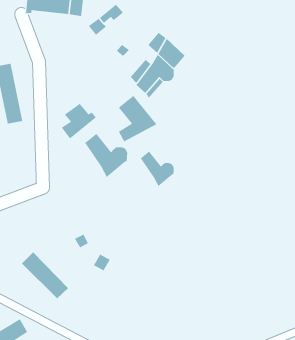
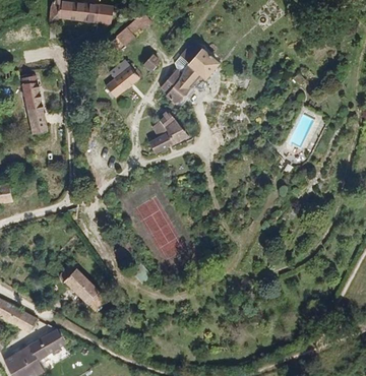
building: [61,103,97,140] -> [107,58,143,96]
building: [84,133,128,178] -> none
building: [140,151,175,187] -> none

